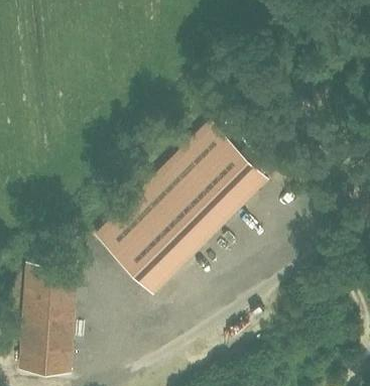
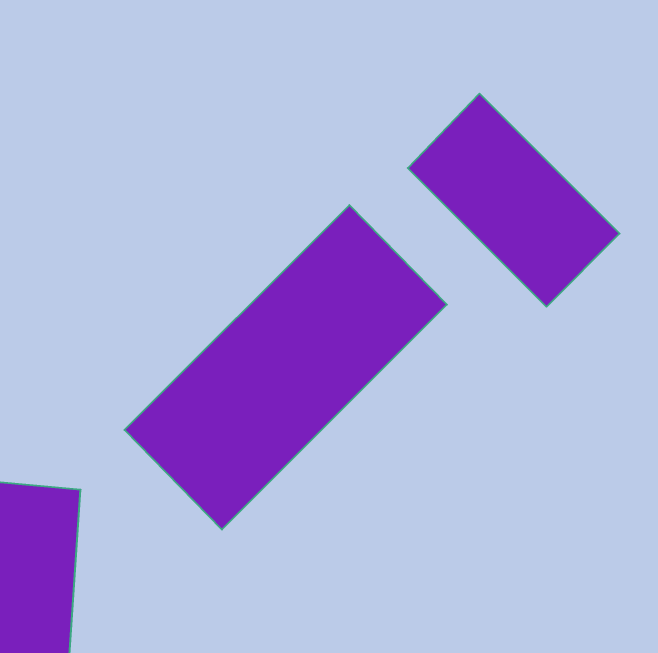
building: none -> [408,94,620,307]

